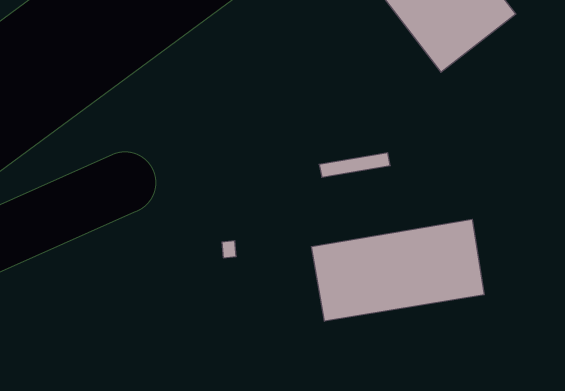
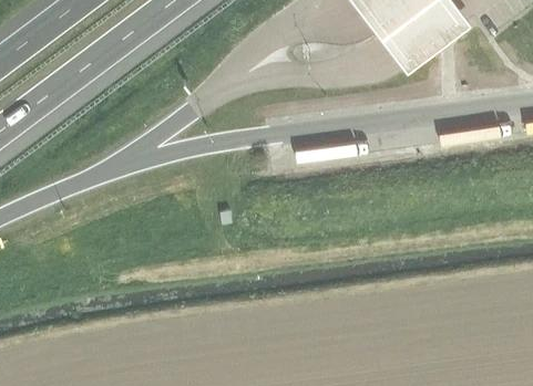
building: [311,219,484,321] -> none

